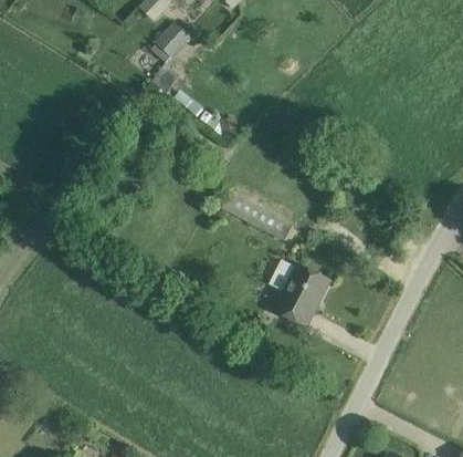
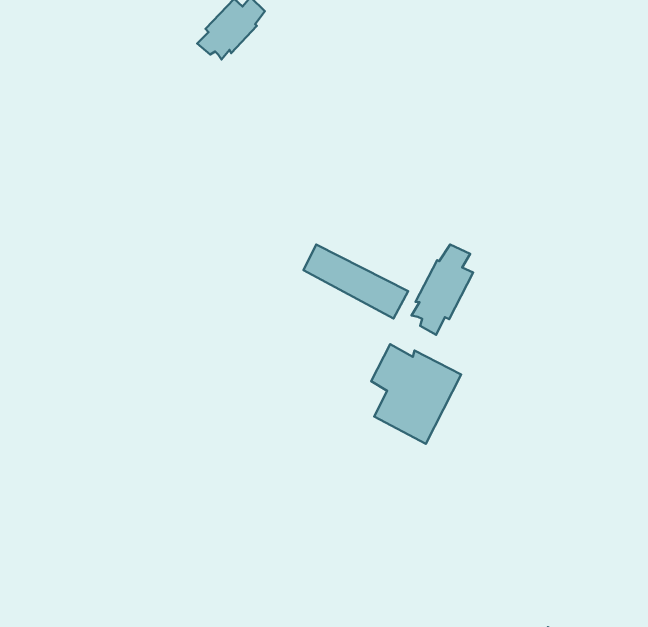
building: none -> [412,244,473,335]

